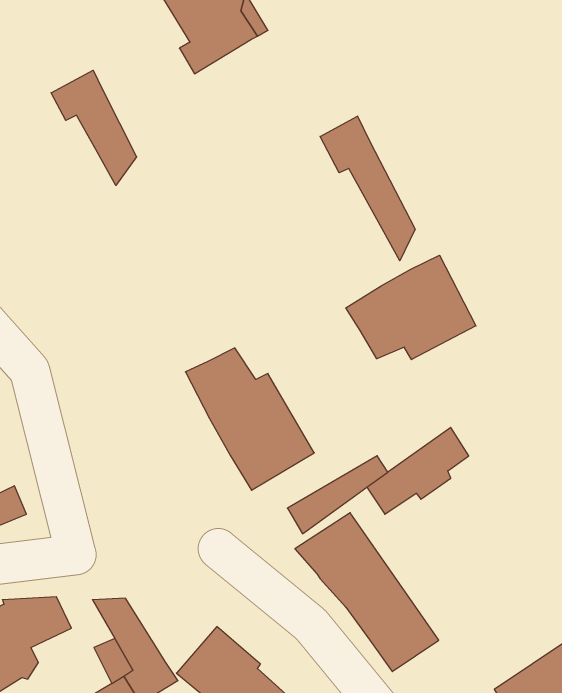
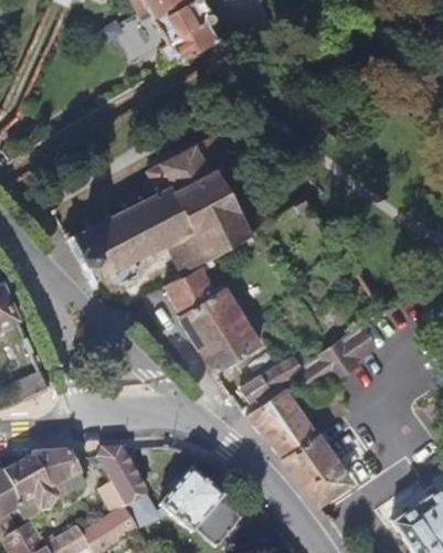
building: [51,70,137,185] -> none
building: [320,116,415,261] -> none
building: none -> [66,141,252,284]
building: [346,255,476,360] -> none

